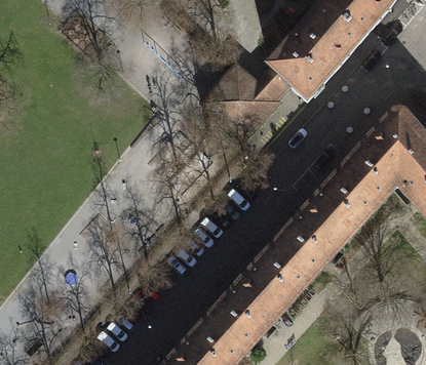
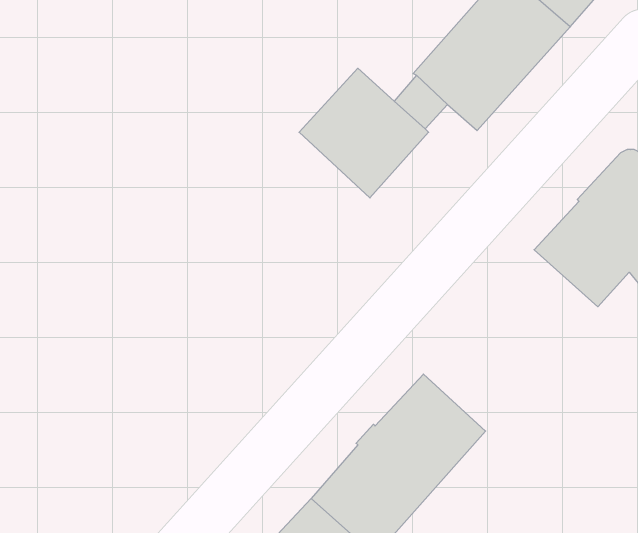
building: [276,167,380,275] -> none

